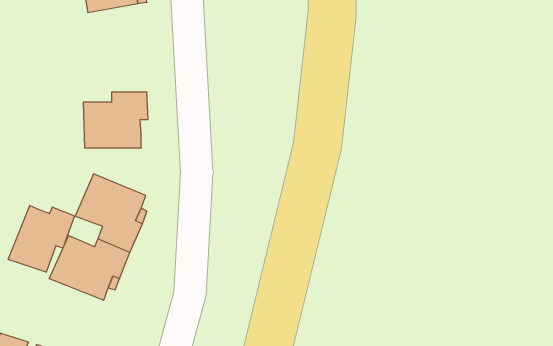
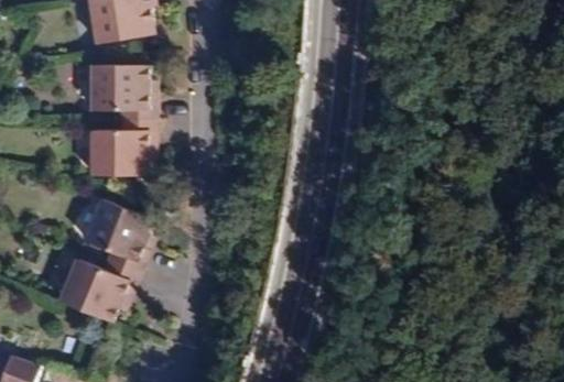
building: none -> [90,66,153,121]
building: [8,205,75,272] -> none

